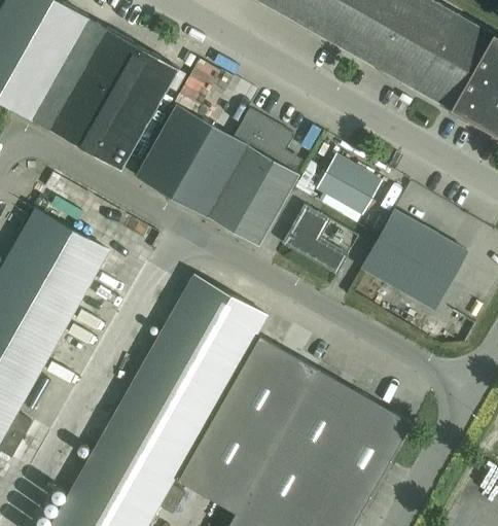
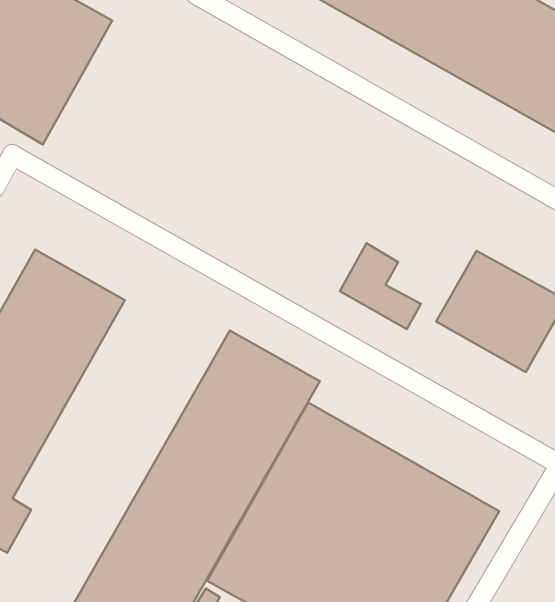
building: [40,23,178,170] -> none
building: [135,104,298,246] -> none
building: [317,154,380,214] -> none

